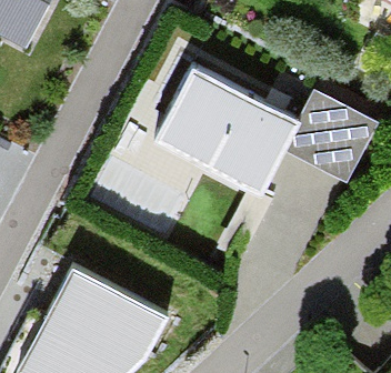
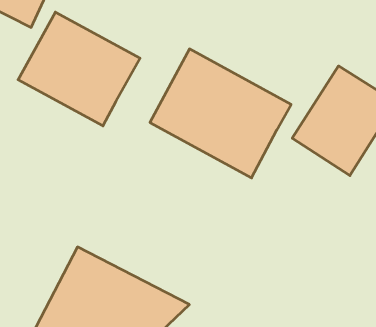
building: none -> [18,12,140,126]

